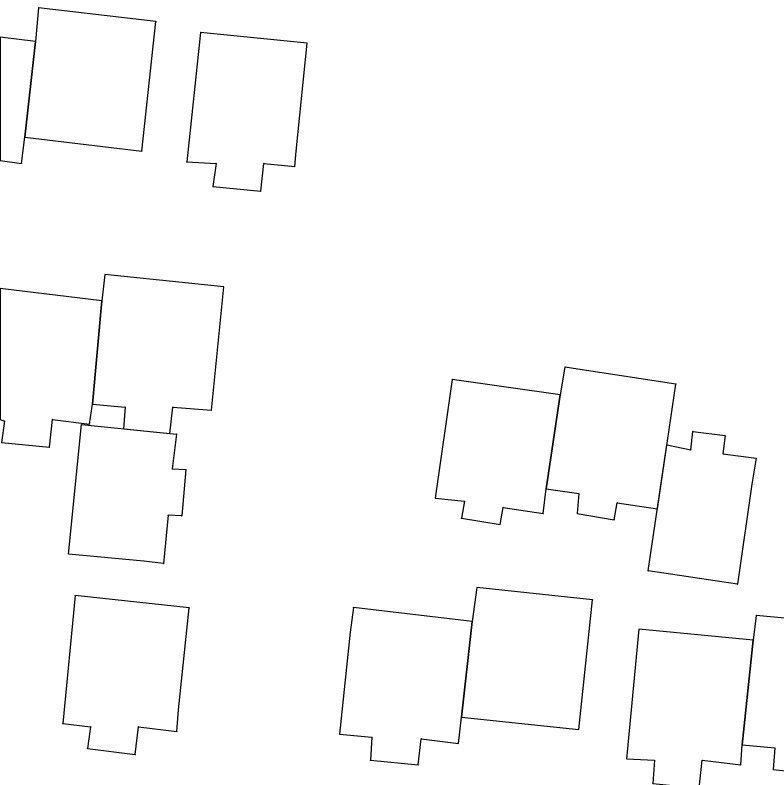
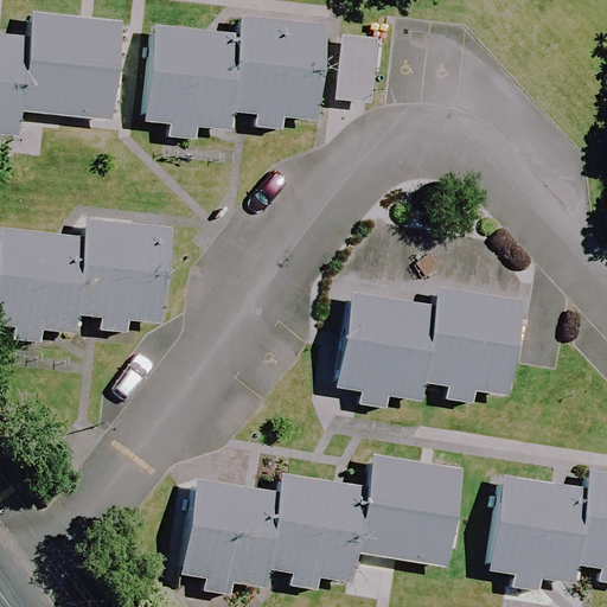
building: none -> [231,13,332,136]
building: [69,425,186,564] -> none
building: [648,431,756,584] -> none
building: [63,596,189,755] -> [175,479,273,601]

